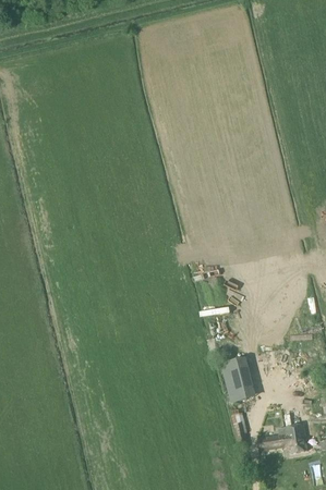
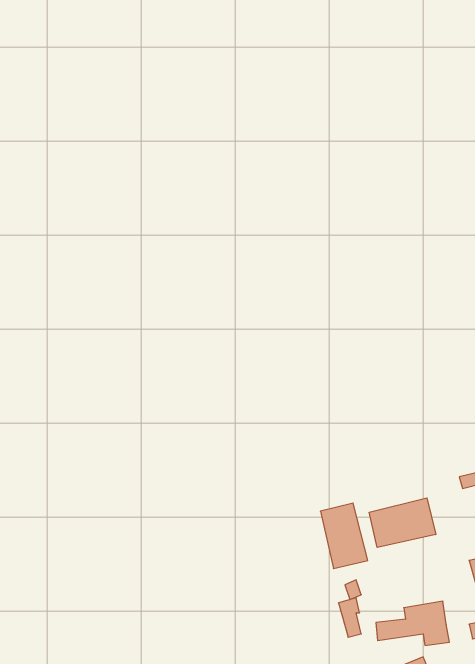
building: none -> [369,498,436,547]

